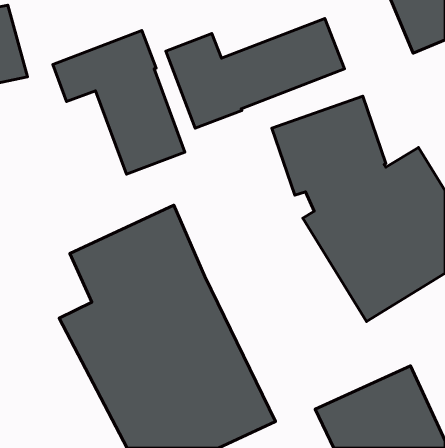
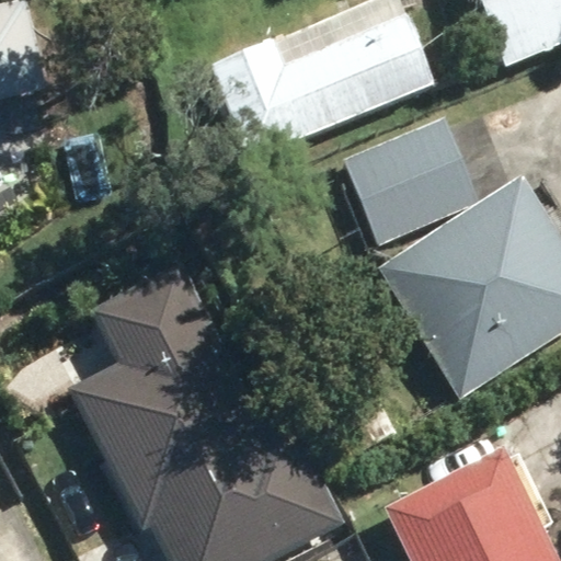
building: [53,31,185,174] -> none

